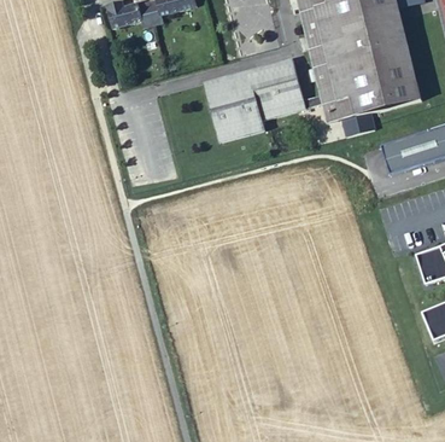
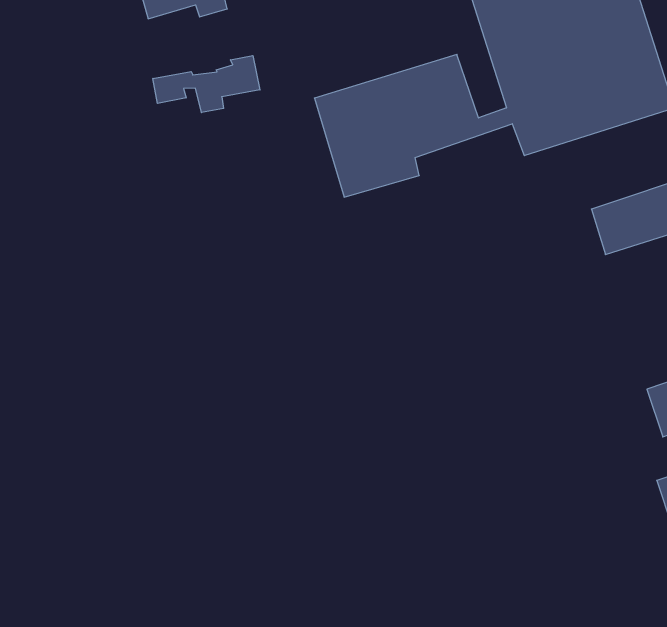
building: none -> [153,56,260,113]

